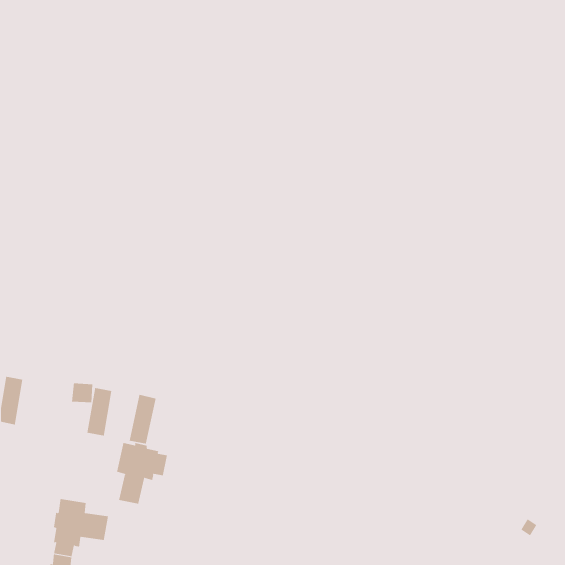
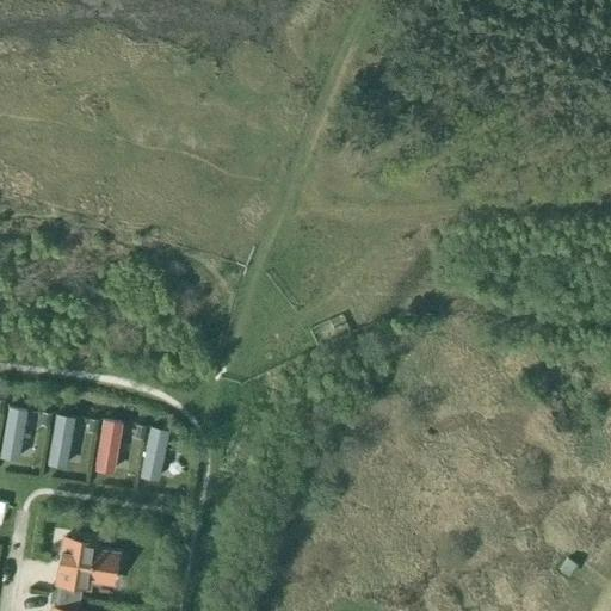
building: none -> [48,415,75,467]
building: [117,442,167,504] -> none

